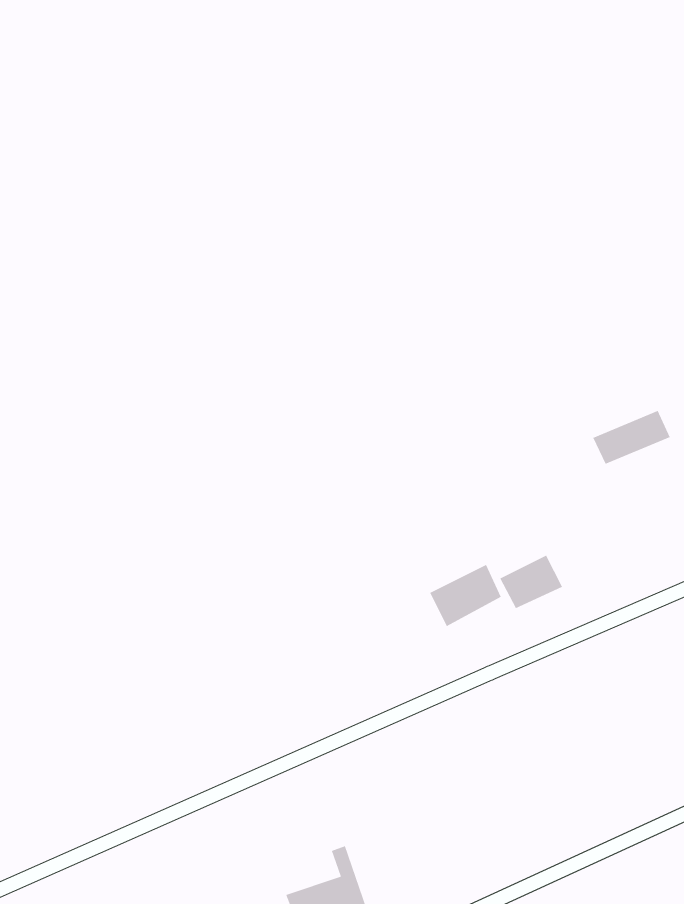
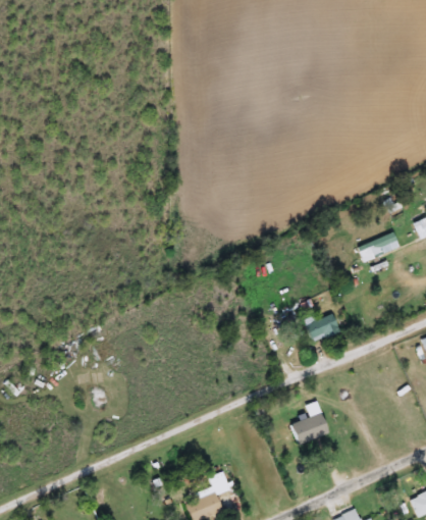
building: [429,564,502,627] -> none
building: none -> [290,401,329,444]

